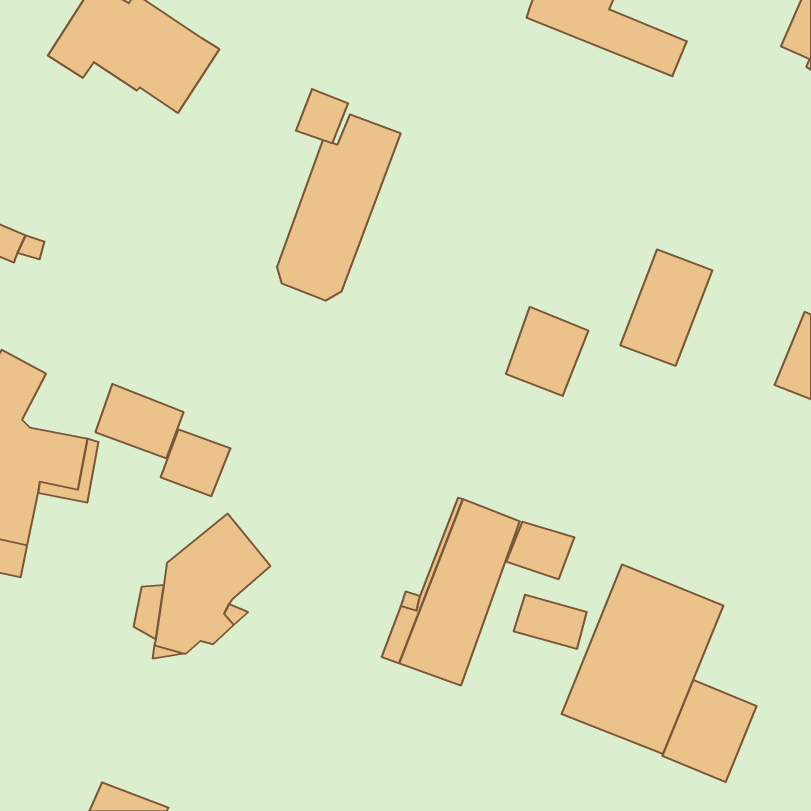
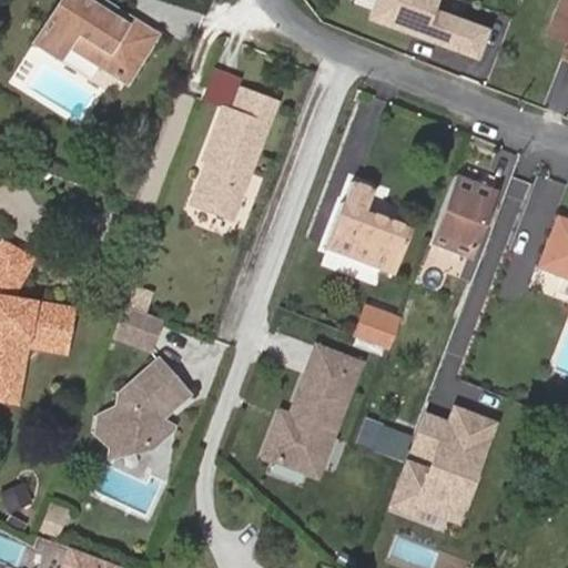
building: none -> [323,185,372,261]
building: [96,384,183,458] -> none
building: [506,522,575,579] -> [354,311,402,351]
building: [662,680,757,782] -> none

